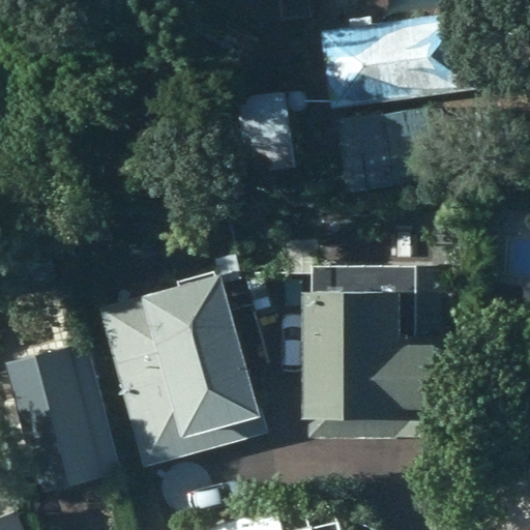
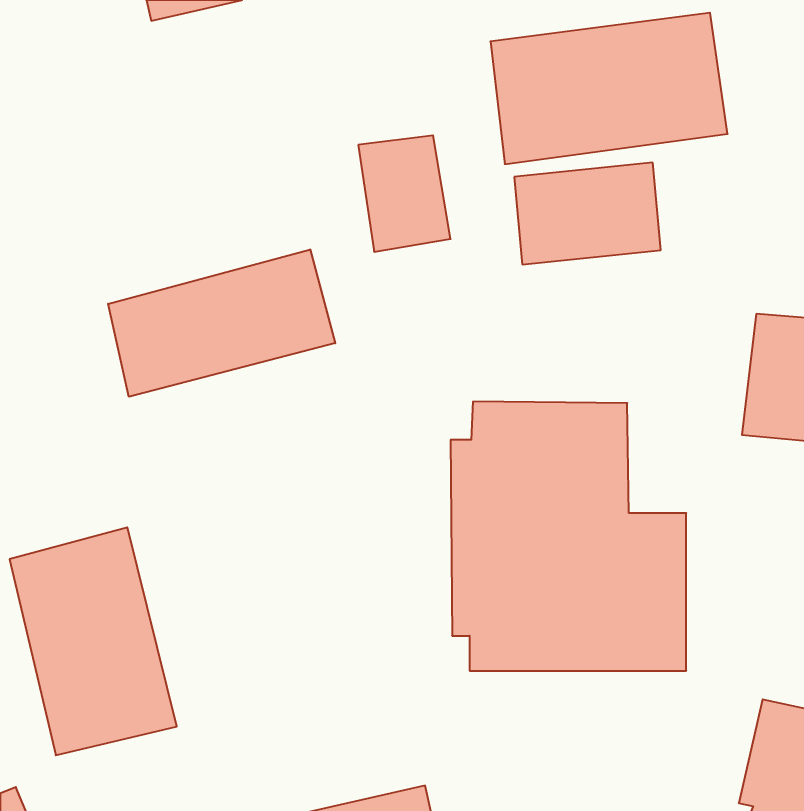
building: none -> [108,249,335,397]
building: [98,274,271,469] -> none

